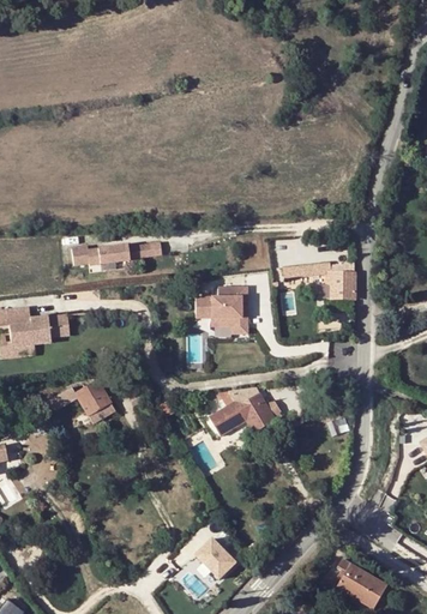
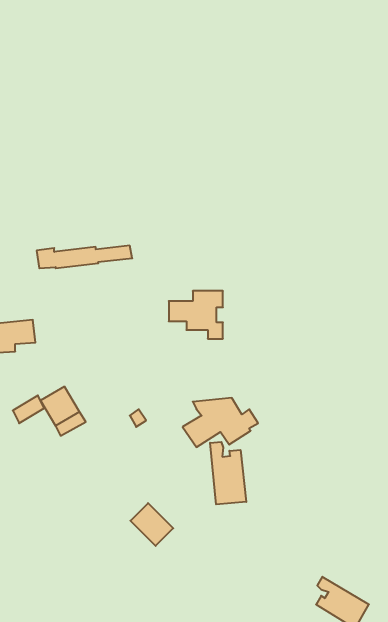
building: [282,263,356,301] -> none
building: none -> [210,442,246,504]
building: [194,537,235,578] -> [130,503,173,546]

